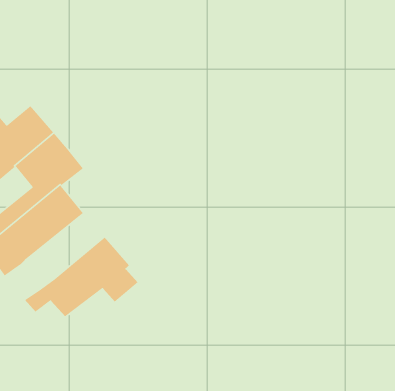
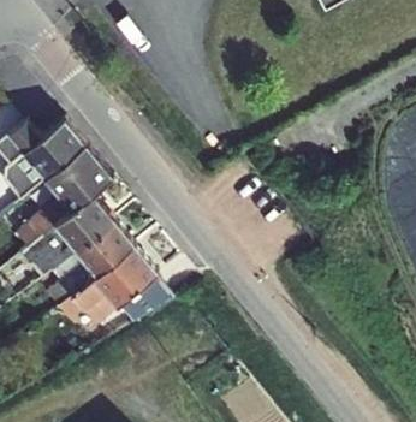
building: none -> [52,218,133,291]

